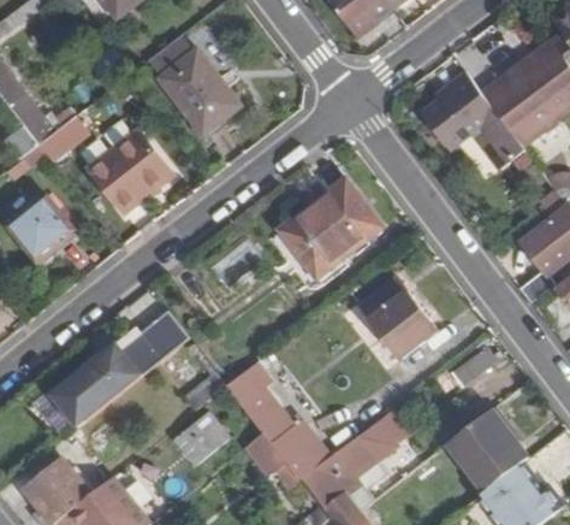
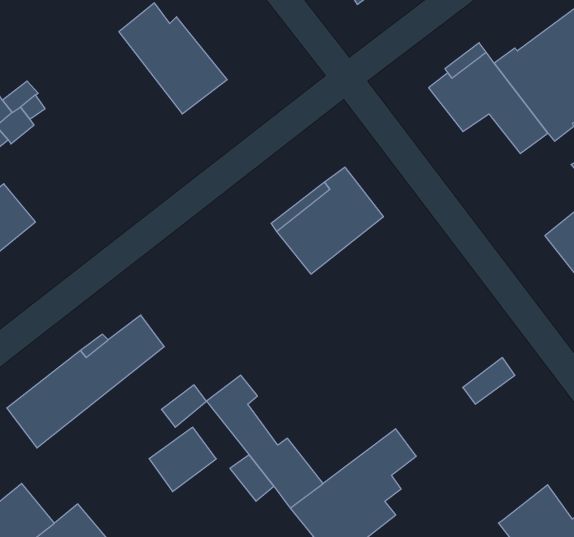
building: [91,136,174,217] -> none
building: [362,278,435,356] -> none
building: [447,409,528,491] -> none

